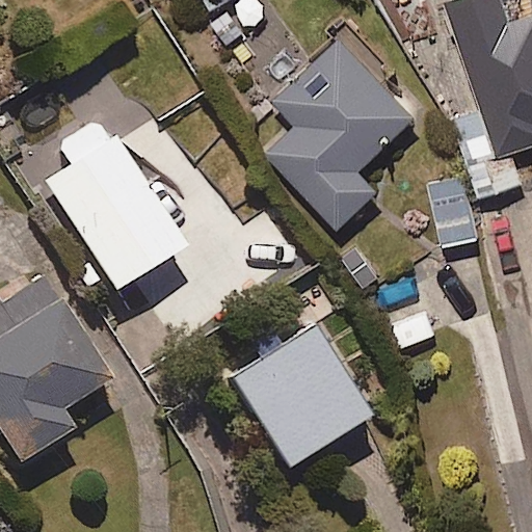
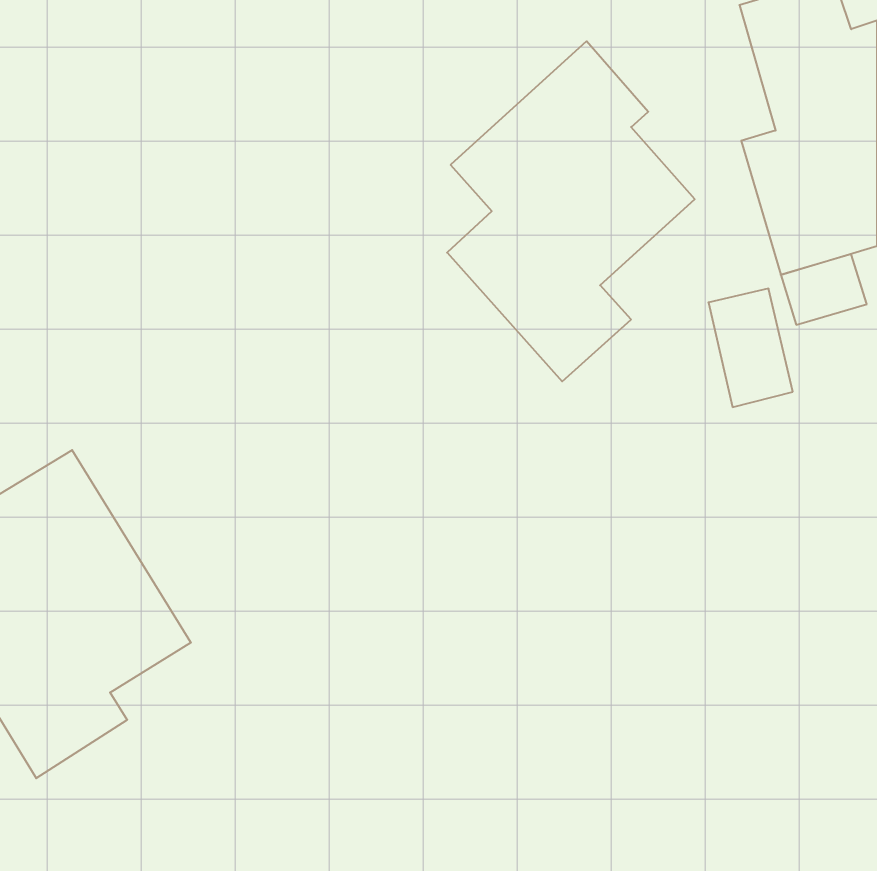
building: [46,117,189,297] -> none
building: [228,309,365,449] -> none

